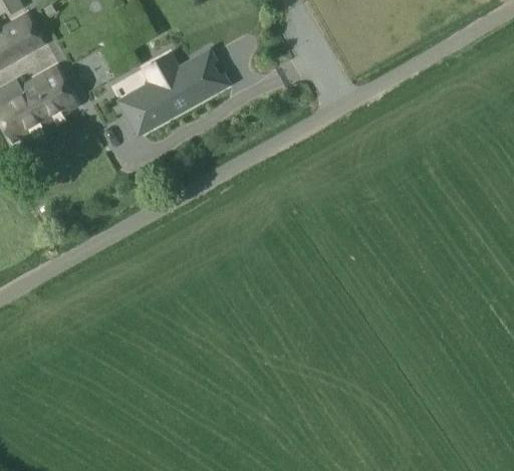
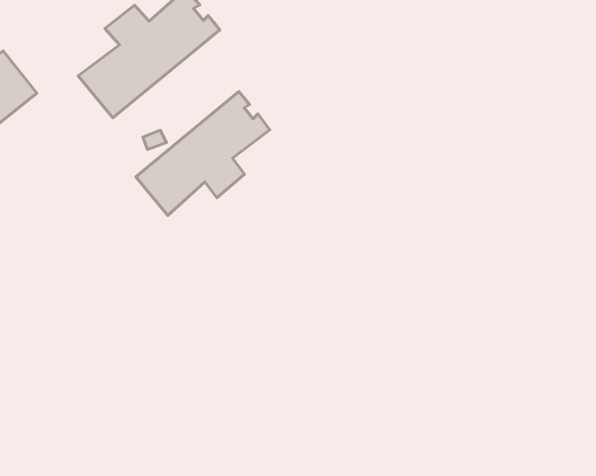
building: none -> [136,92,270,216]

